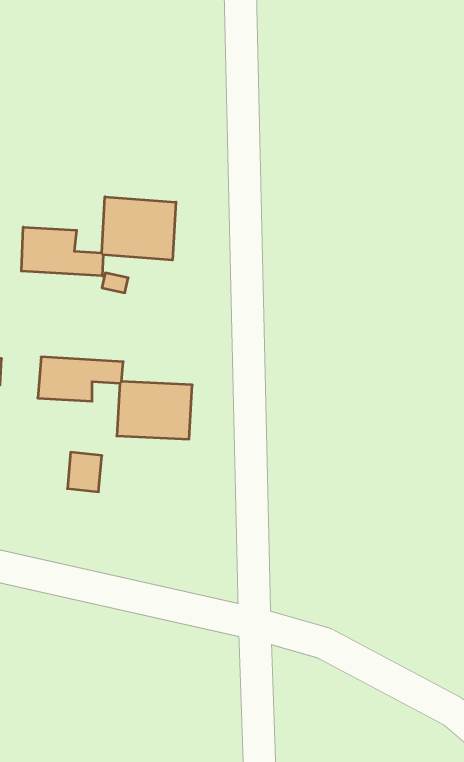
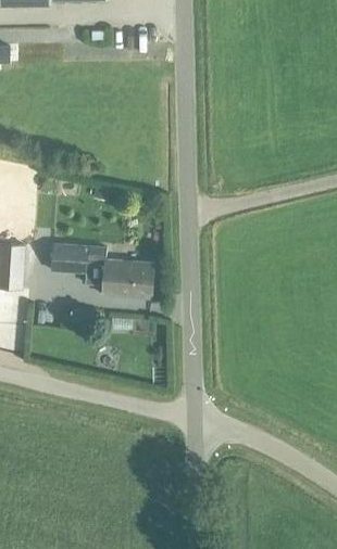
building: [21,197,176,276] -> none

